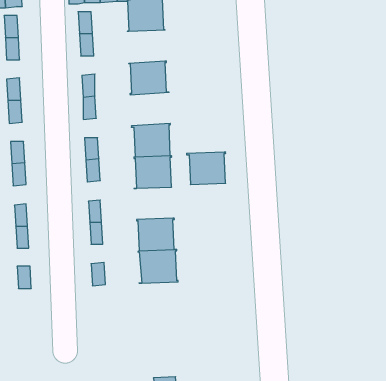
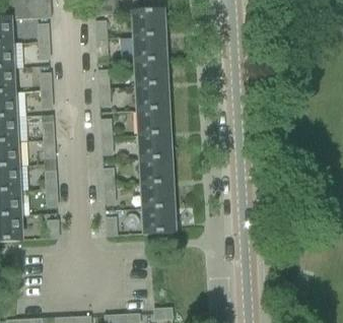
building: none -> [135,35,164,61]
building: none -> [137,83,168,109]
building: [187,152,226,185] -> [140,157,170,183]

